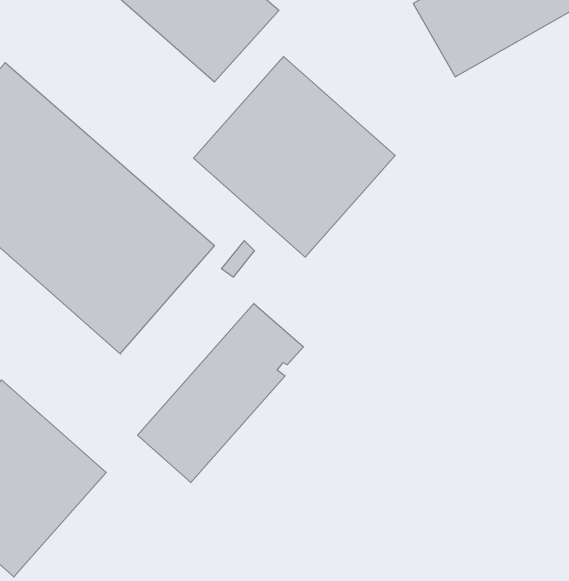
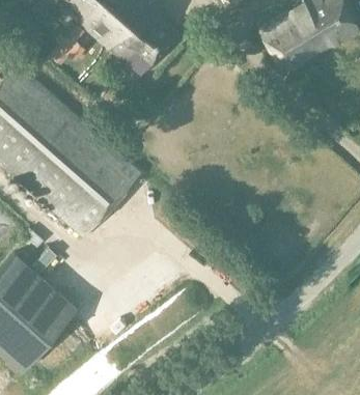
building: [194,57,395,257] -> none
building: [138,303,304,483] -> none

